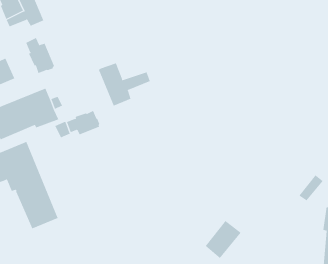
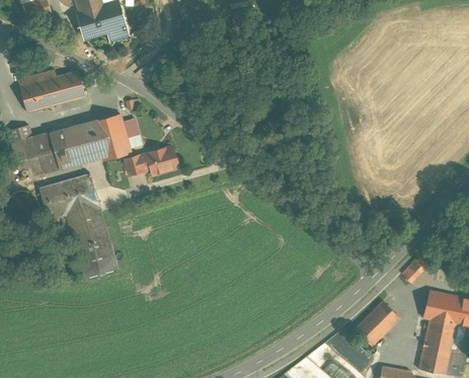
building: [26,37,55,74] -> none
building: [98,62,151,107] -> none
building: [205,220,241,259] -> [355,301,399,346]

